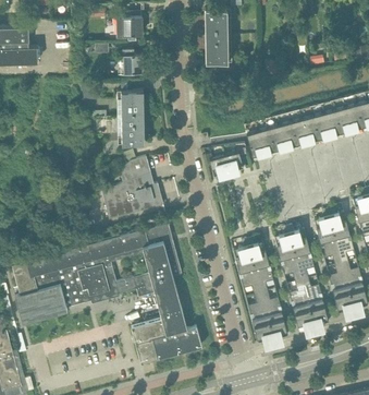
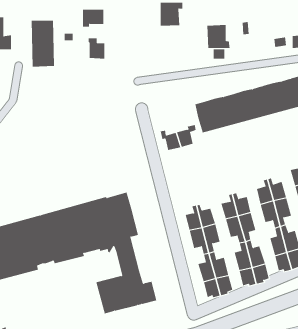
building: [205,35,232,62] -> [206,24,230,48]
building: [116,91,144,144] -> [31,20,55,67]
building: [101,156,163,219] -> none

